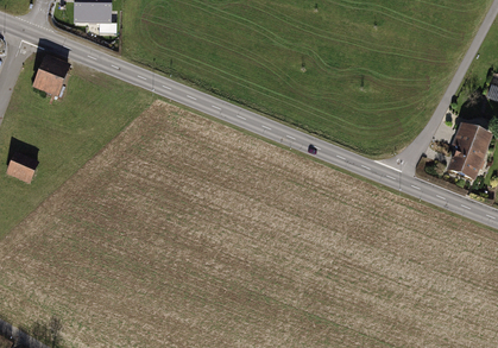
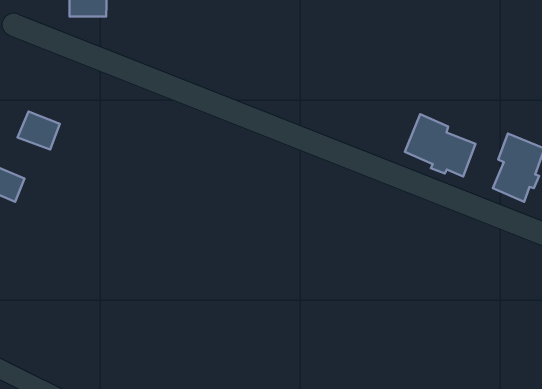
building: [31,63,68,96] -> [17,111,60,150]
building: none -> [405,114,475,177]

